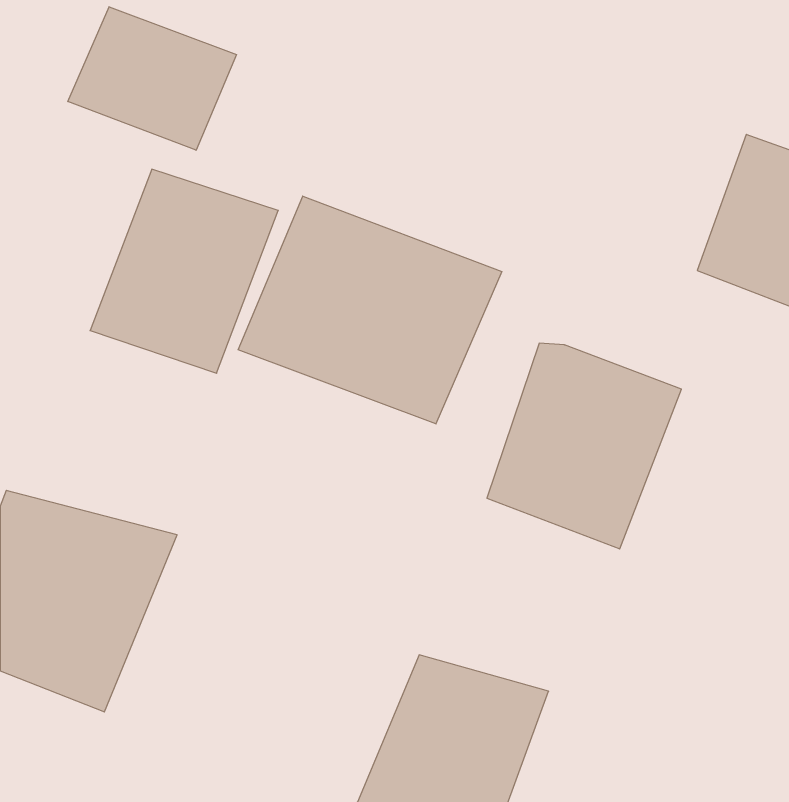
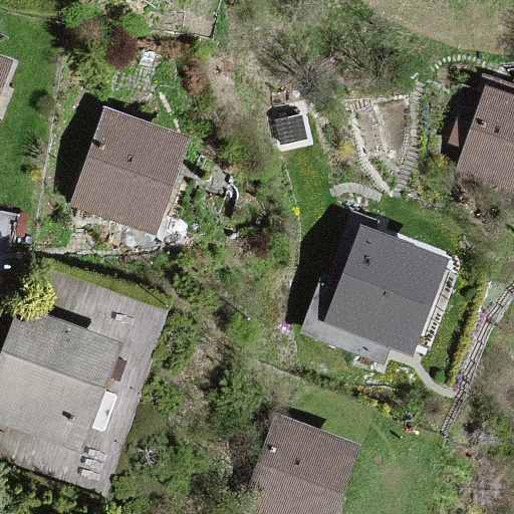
building: [68,7,236,150] -> none
building: [238,196,502,424] -> none

